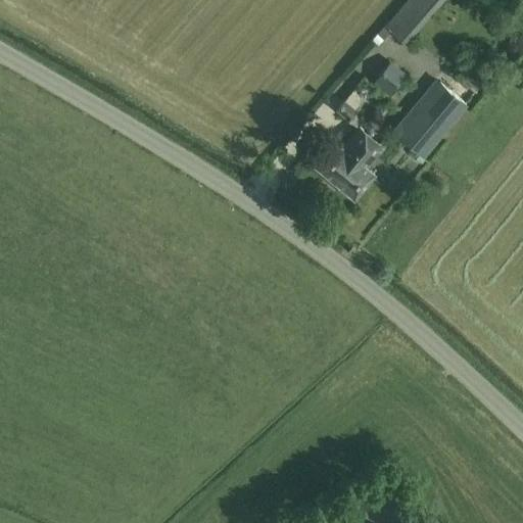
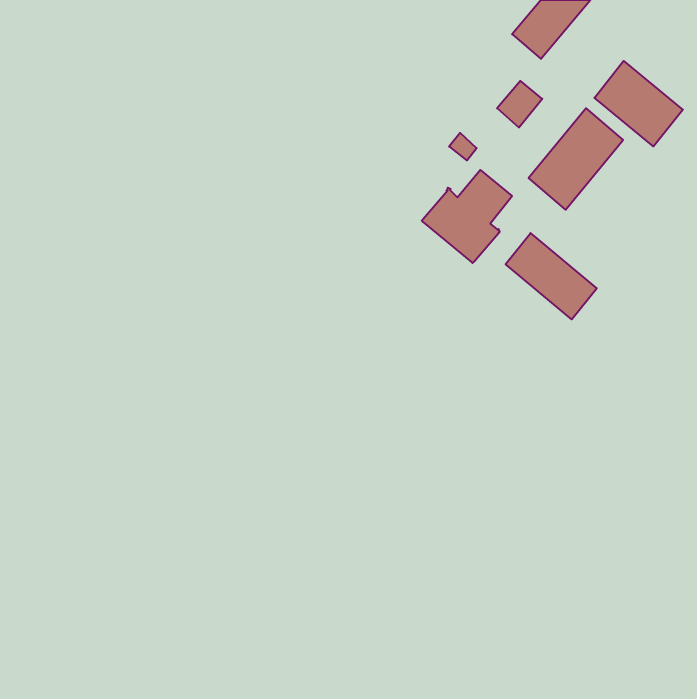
building: none -> [594,61,683,146]
building: none -> [506,233,597,319]

